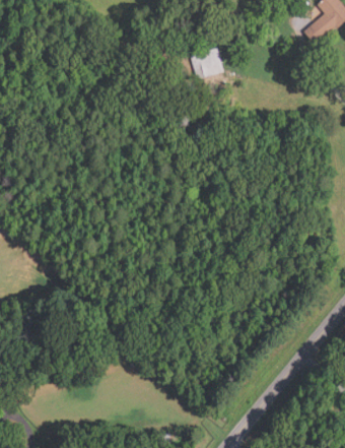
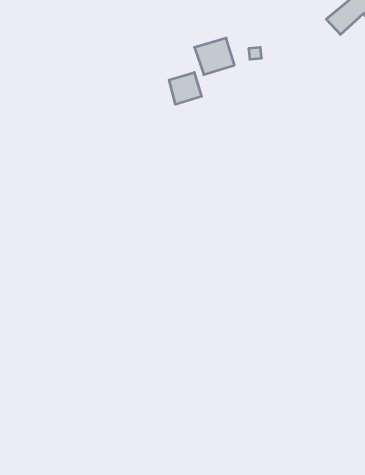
building: none -> [169,72,202,104]

